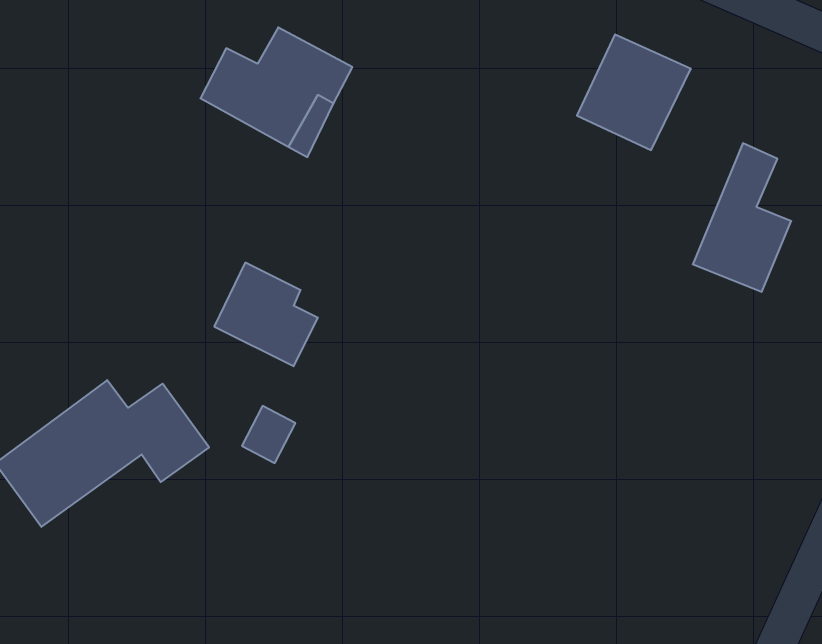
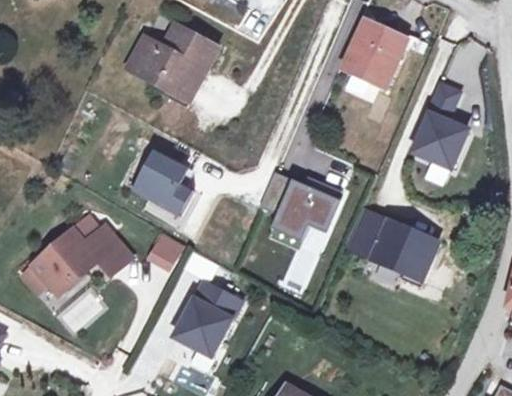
building: none -> [265,176,338,239]
building: none -> [352,215,436,279]
building: none -> [175,282,242,357]

